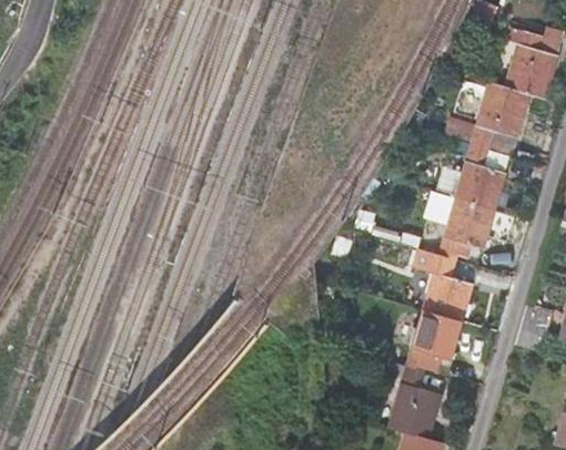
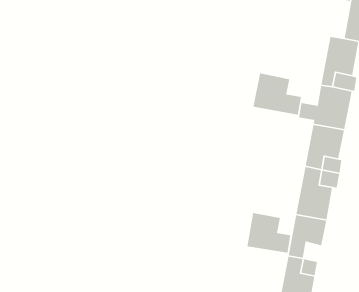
building: none -> [253,73,302,115]
building: none -> [246,212,291,253]

